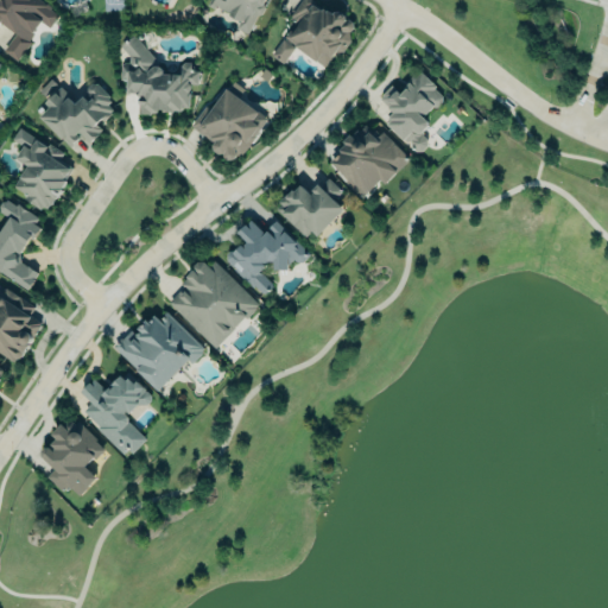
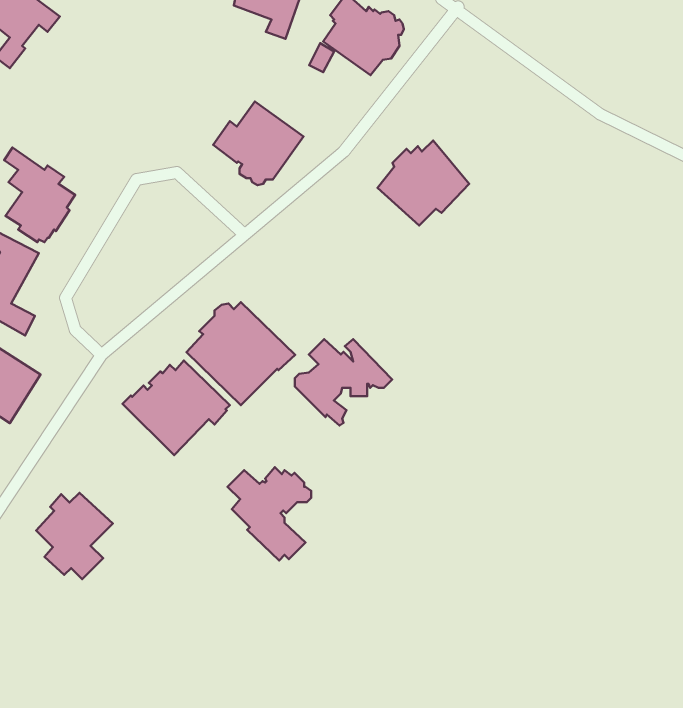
building: [120,36,197,113] -> none
building: [379,72,442,152] -> none
building: [42,83,112,146] -> none
building: [276,184,343,236] -> none
building: [226,221,309,294] -> [295,339,392,426]
building: [78,375,150,455] -> [228,467,311,561]

